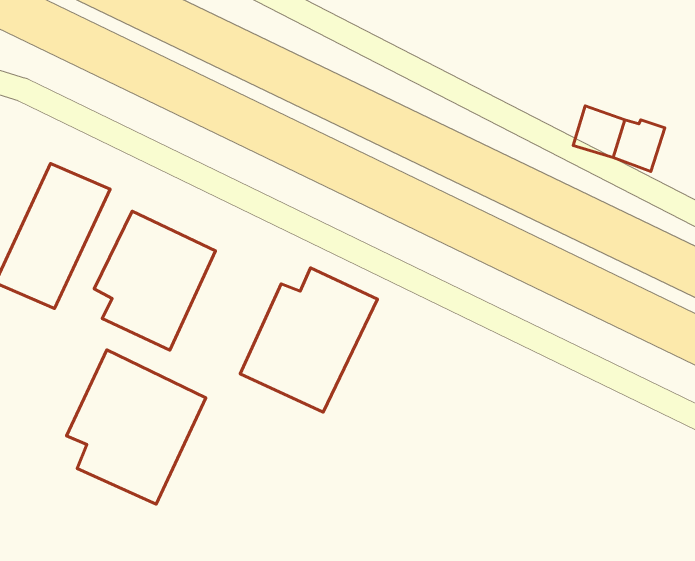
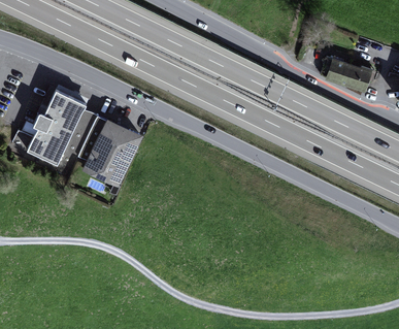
building: [240,268,377,412] -> none
building: [66,350,206,504] -> none

